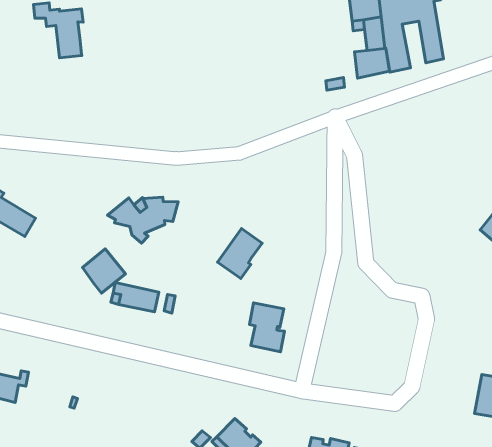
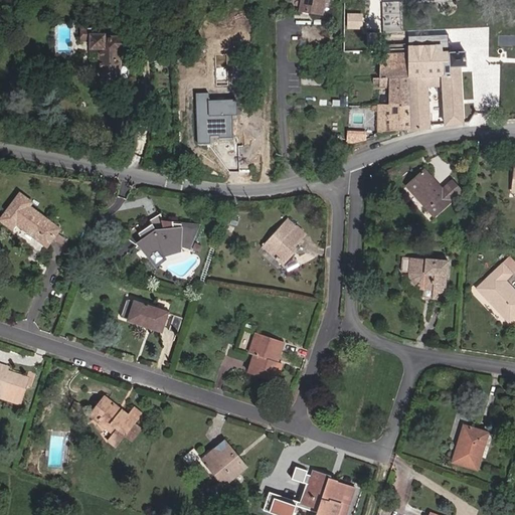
building: none -> [198,94,239,144]
building: none -> [407,170,461,215]
building: none -> [400,256,448,299]
building: [218,229,262,279] -> [262,218,306,266]
building: [82,249,126,293] -> none
building: none -> [91,396,141,447]

